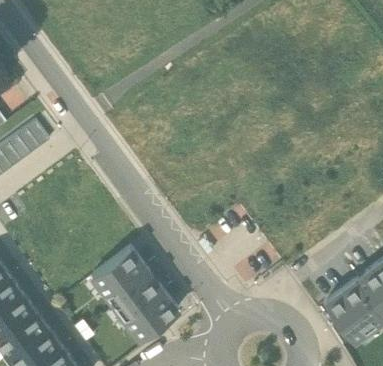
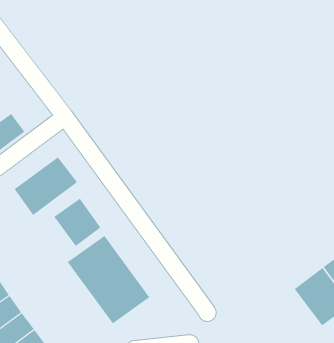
building: none -> [14,157,78,216]
building: none -> [53,198,101,247]

